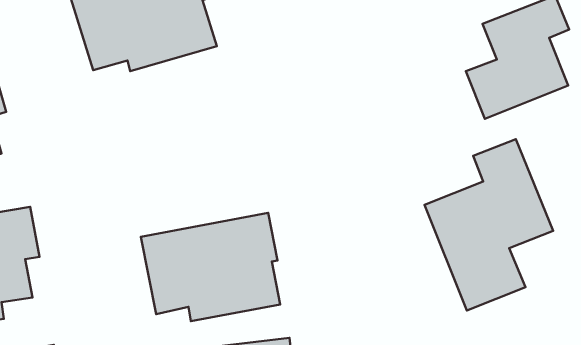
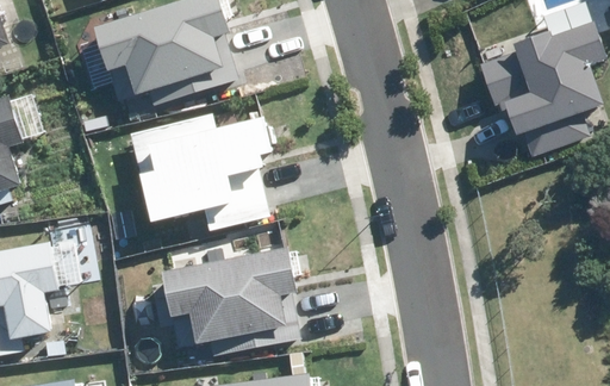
building: none -> [129,112,275,230]
building: [425,139,553,311] -> none

